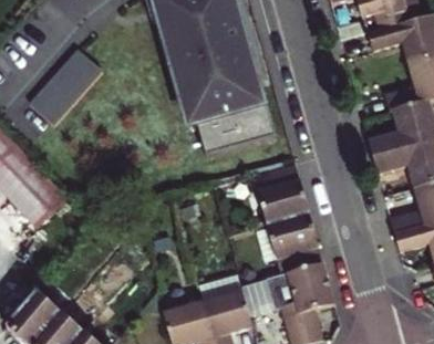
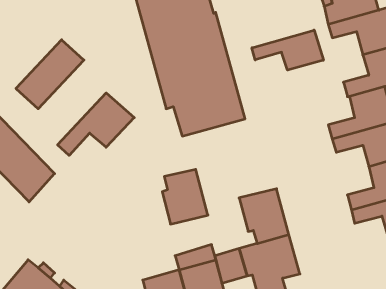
building: none -> [252,30,323,70]
building: none -> [58,93,134,155]
building: [260,161,310,221] -> [162,169,208,224]

